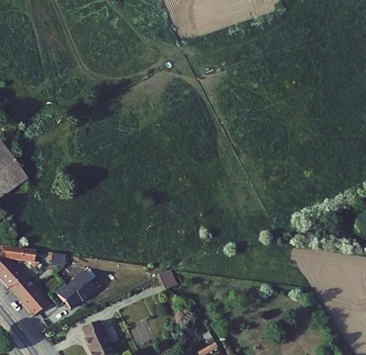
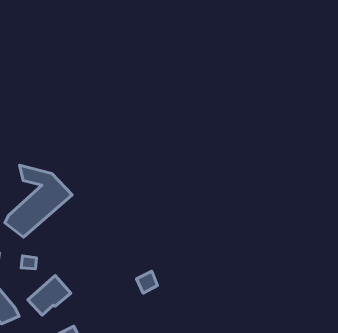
building: none -> [5,165,72,237]

